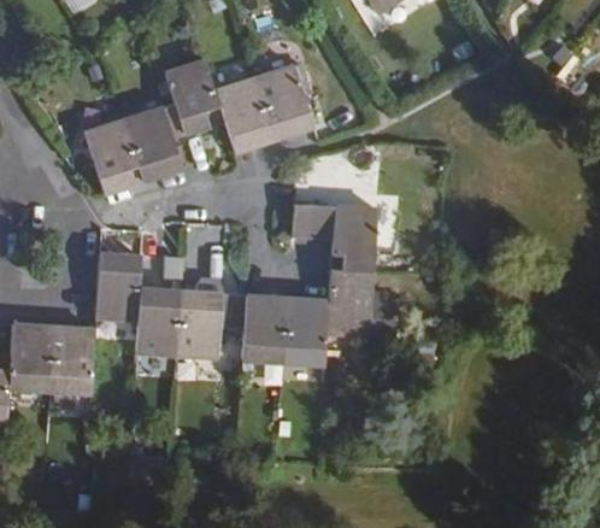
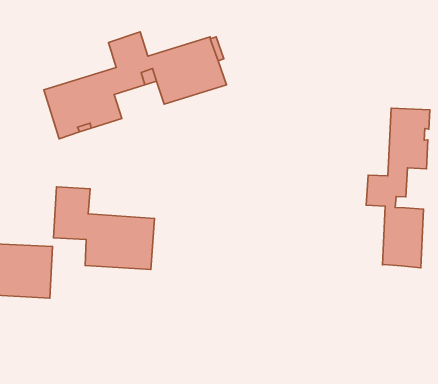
building: none -> [366,108,430,268]
building: [241,204,398,364] -> none

